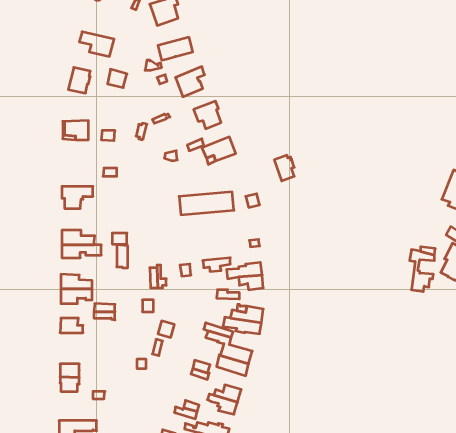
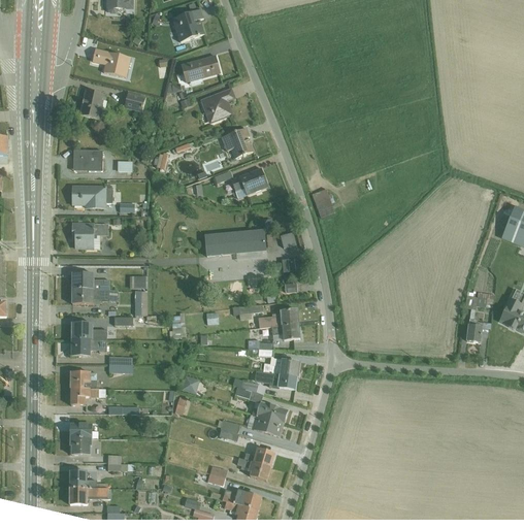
building: none -> [73,186,112,207]
building: none -> [70,388,105,404]
building: none -> [69,470,107,487]

